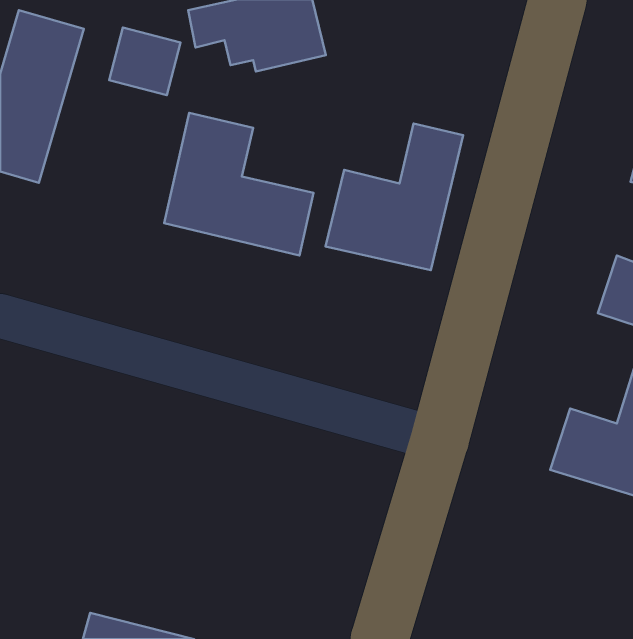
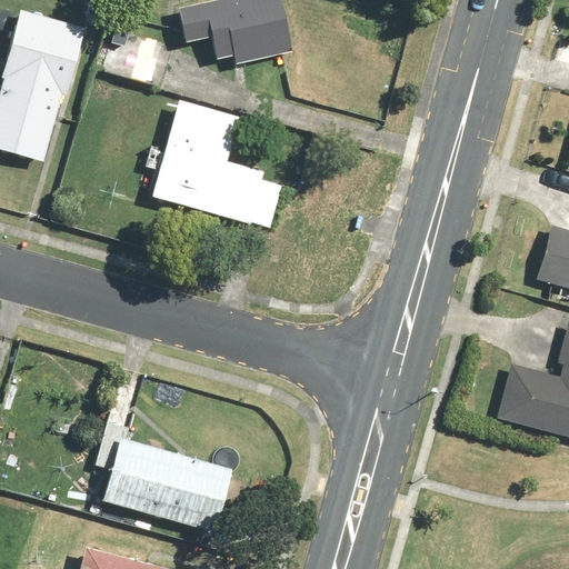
building: [325,124,463,270] -> none
building: none -> [97,433,237,545]

